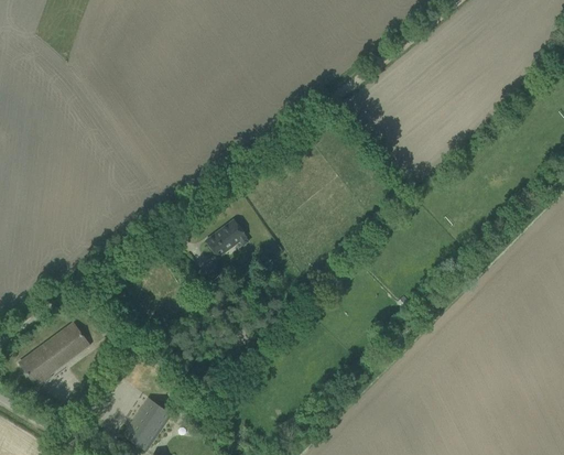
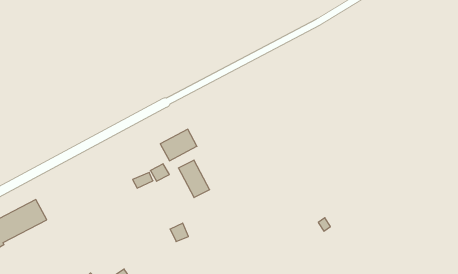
building: none -> [178,160,210,198]

